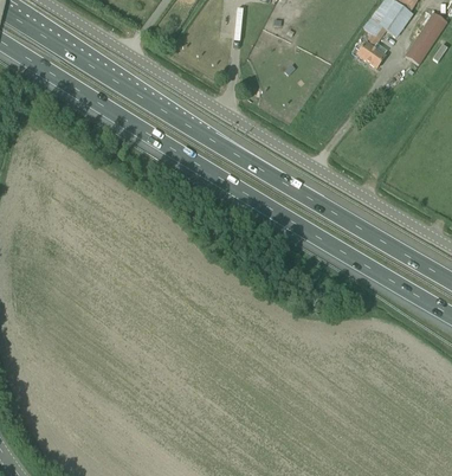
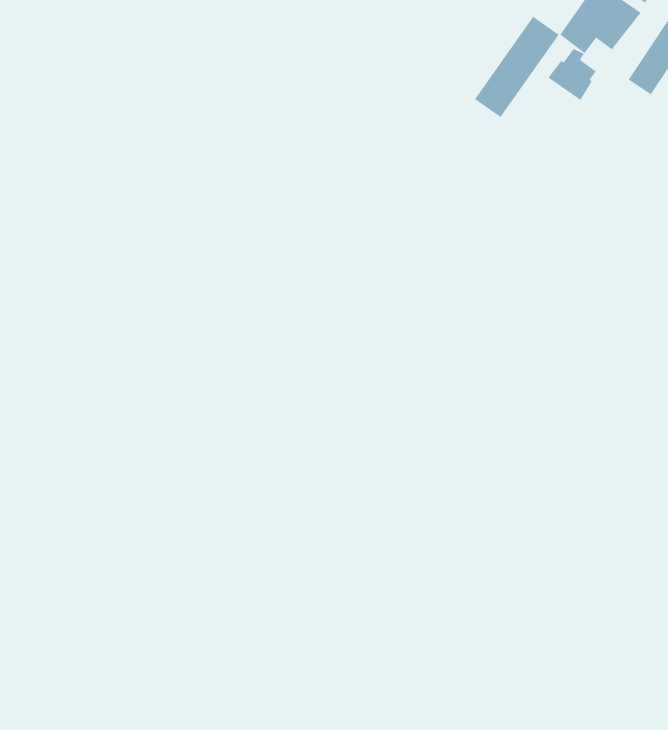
building: none -> [474,16,559,118]

